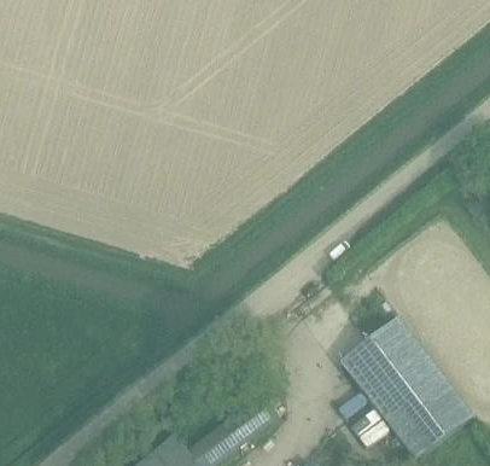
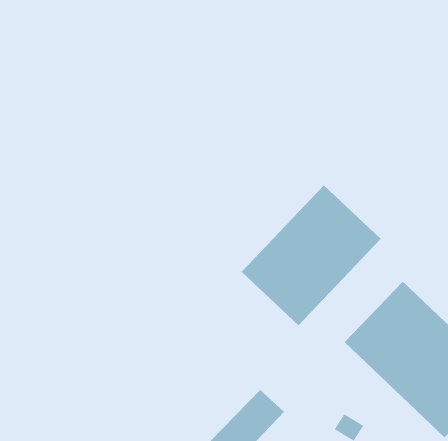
building: none -> [241,184,381,326]

